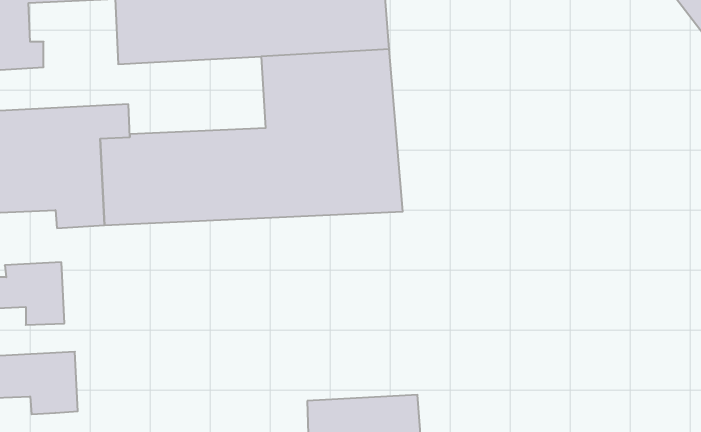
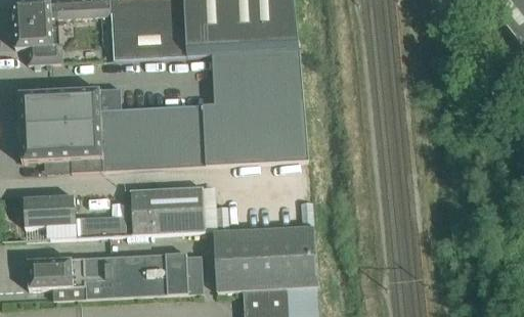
building: none -> [130,187,206,235]
building: none -> [76,215,127,237]
building: none -> [214,226,320,292]
building: none -> [84,253,204,299]

